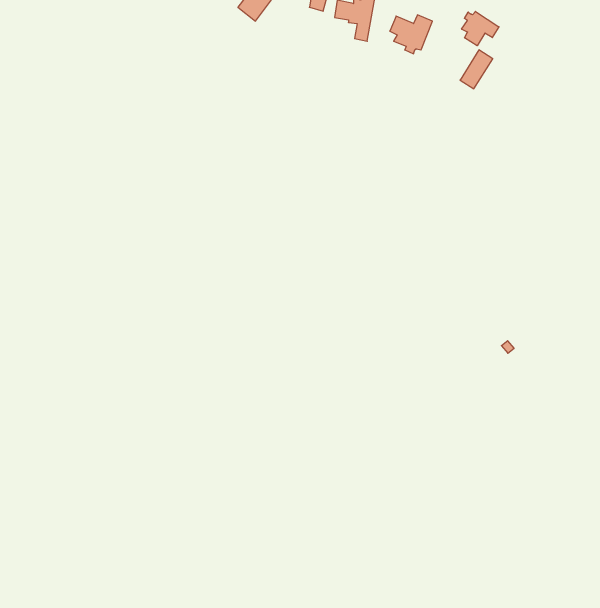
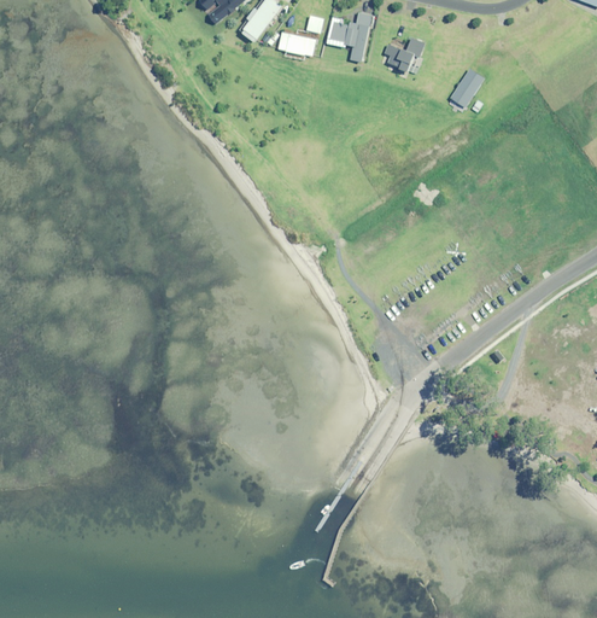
building: none -> [277,31,315,56]
building: [462,11,499,46] -> none

